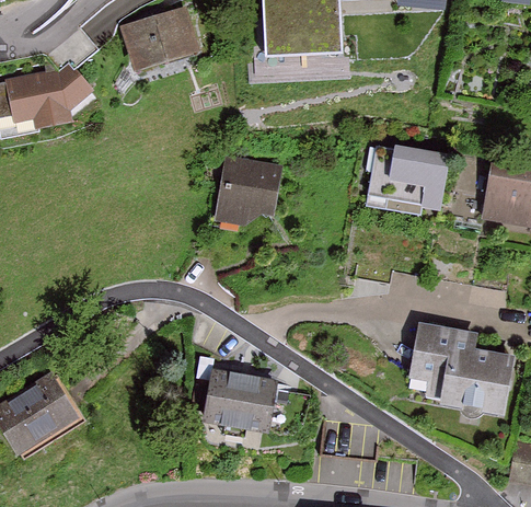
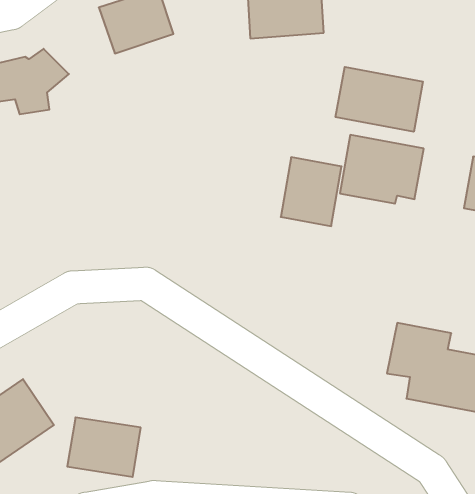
building: none -> [336,67,423,132]
building: [218,154,276,220] -> [281,157,342,226]
building: [208,370,278,427] -> [67,417,141,477]

